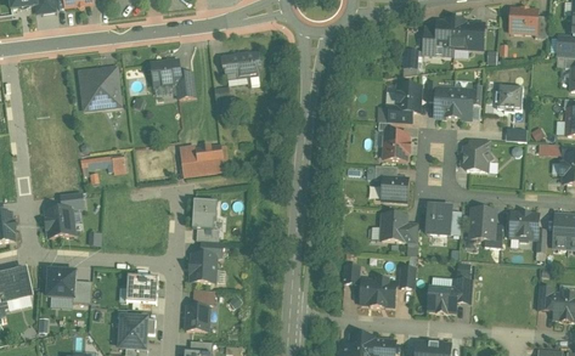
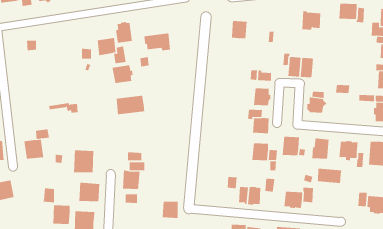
building: [422,18,455,55] -> none
building: none -> [116,21,133,44]
building: [79,68,119,106] -> none
building: [494,83,522,111] -> none
building: [395,84,419,111] -> [231,21,248,39]
building: none -> [112,65,133,84]
building: [192,200,216,228] -> none
building: none -> [73,149,94,173]
building: none -> [318,168,342,184]
building: [46,270,73,299] -> [52,205,70,225]
building: [184,306,208,332] -> [162,201,178,218]

